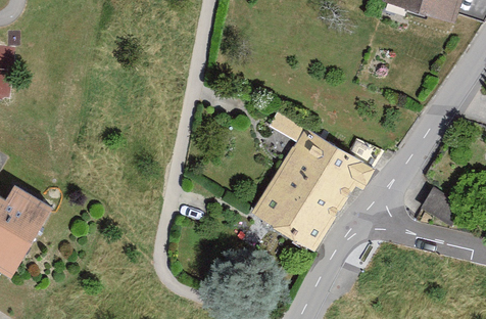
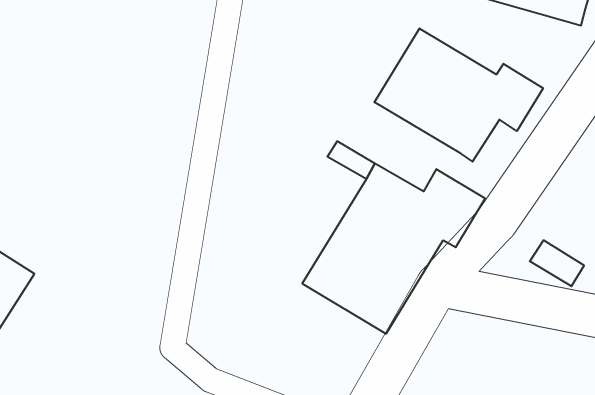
building: none -> [374,28,543,162]

